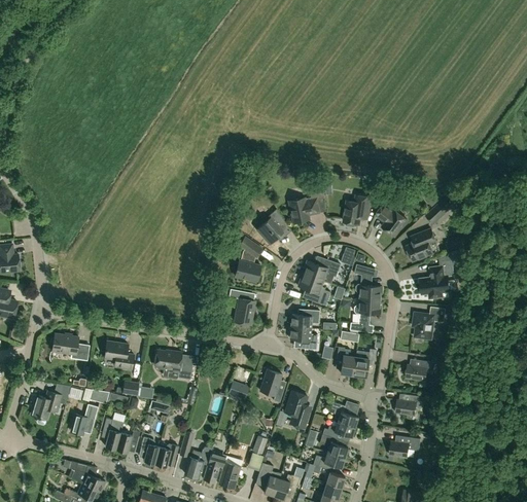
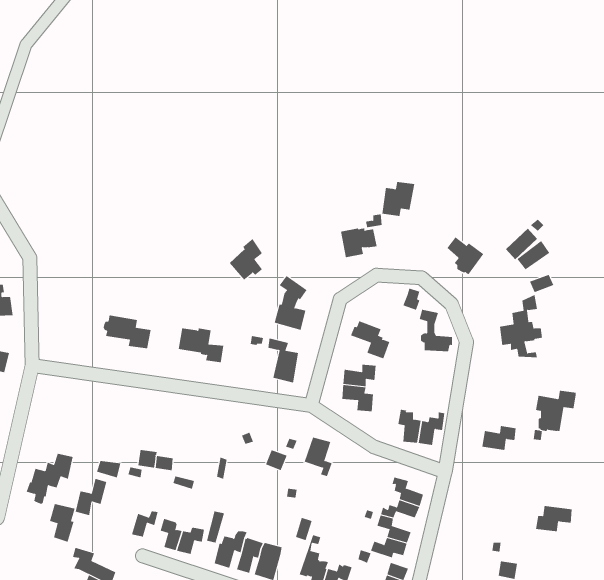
building: [344,195,372,224] -> [381,181,415,216]
building: [257,209,285,244] -> [229,238,263,281]
building: [407,228,440,260] -> none
building: [305,259,341,283] -> none
building: [349,298,381,331] -> none
building: [412,306,446,339] -> [535,390,577,431]
building: [49,332,90,360] -> [103,315,152,349]
building: [104,340,134,368] -> none
building: [154,350,192,379] -> [178,328,224,363]
building: [285,391,309,428] -> none
building: [395,394,424,419] -> none
building: [102,418,124,450] -> [49,504,76,542]
building: [389,435,420,457] -> [535,506,573,532]

